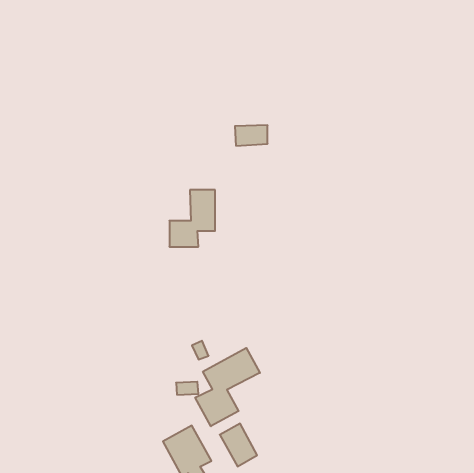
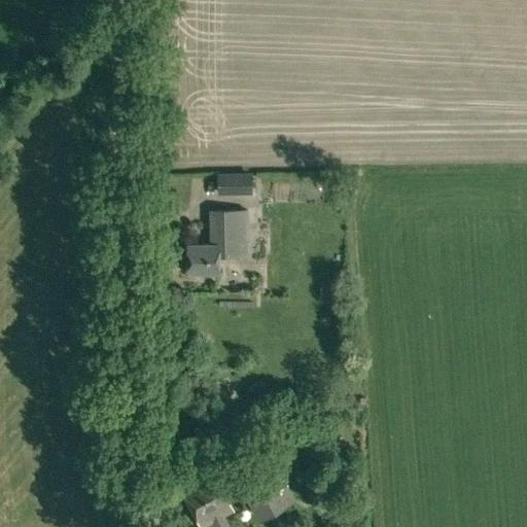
building: [235,125,268,146] -> [219,175,255,198]
building: [195,348,260,426] -> none

